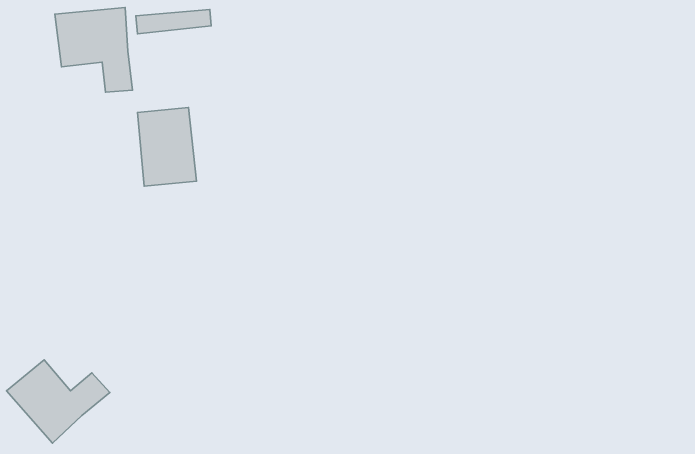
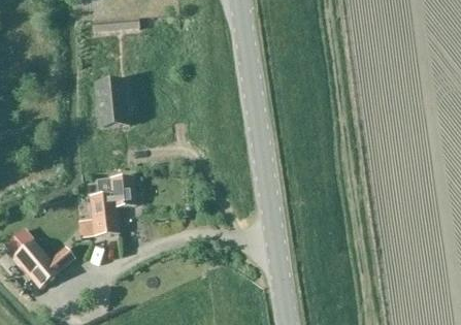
building: [55,7,133,92] -> none
building: none -> [77,172,134,235]

